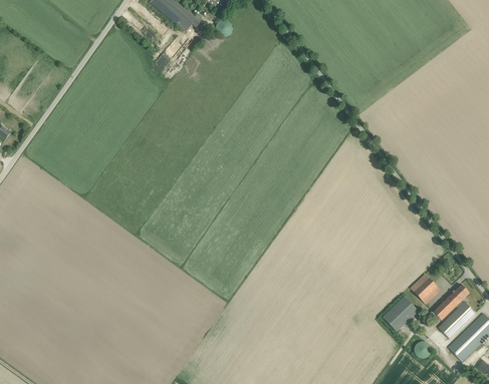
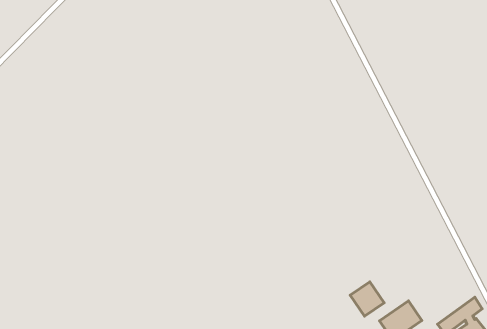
building: [411,274,441,304] -> [350,282,384,316]

